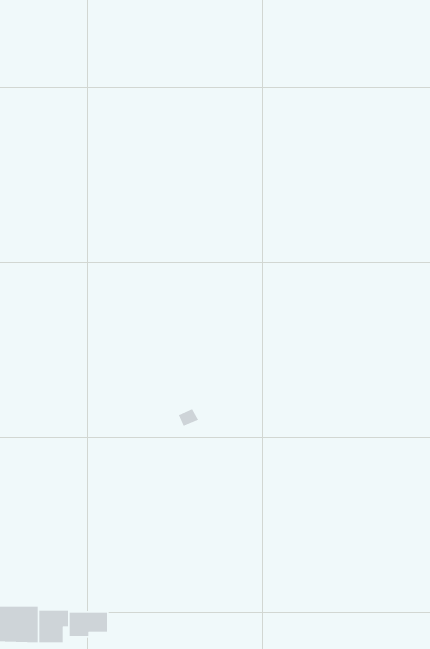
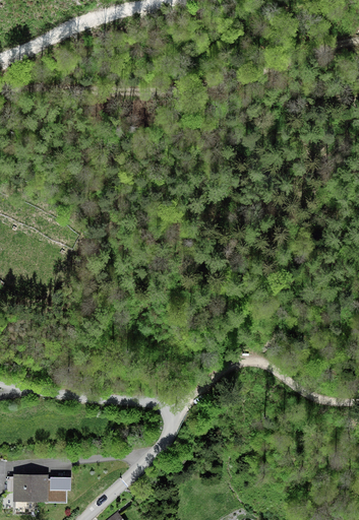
building: [69,612,108,637] -> none

